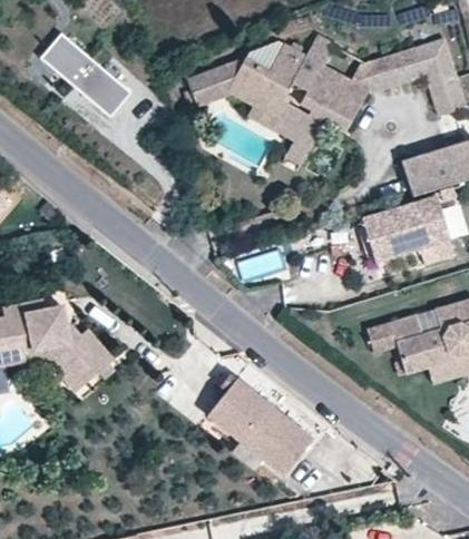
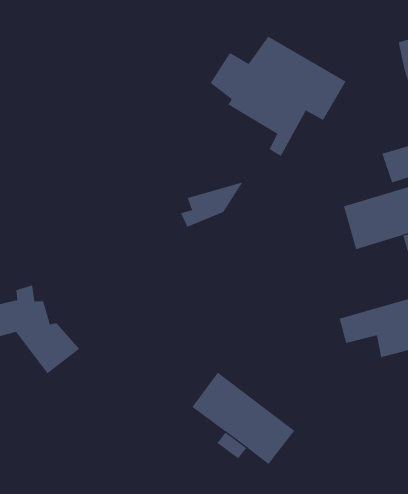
building: [38,30,127,112] -> none
building: [363,48,426,88] -> none
building: [184,58,248,105] -> [180,181,244,227]

